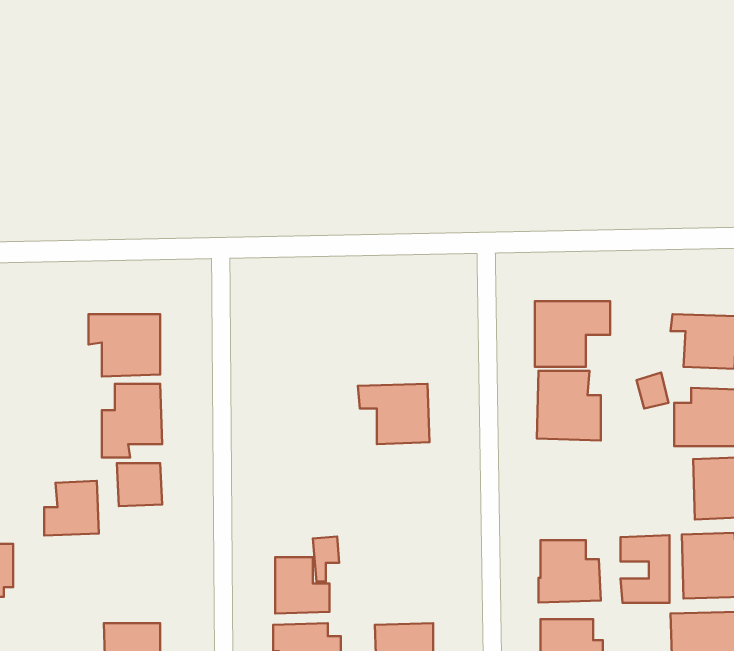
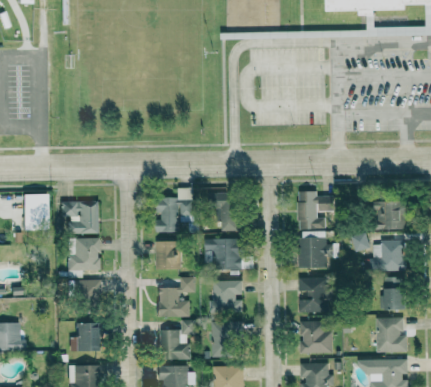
building: none -> [156,188,194,232]
building: none -> [206,192,235,231]
building: none -> [23,194,48,230]
building: none -> [156,241,181,270]
building: none -> [158,277,195,317]
building: none -> [213,280,243,312]
building: [44,481,99,535] -> [70,323,99,352]
building: [621,535,670,603] -> [299,277,325,313]
building: none -> [211,323,242,357]

